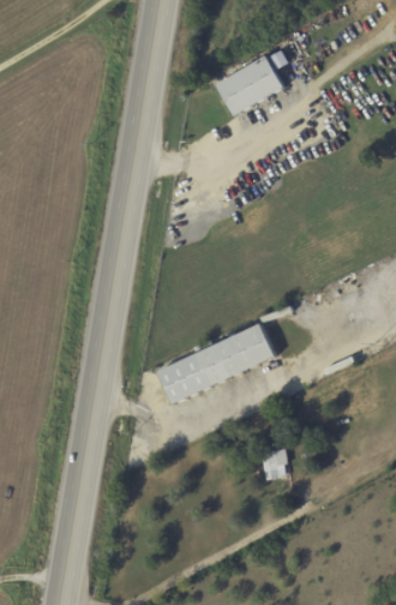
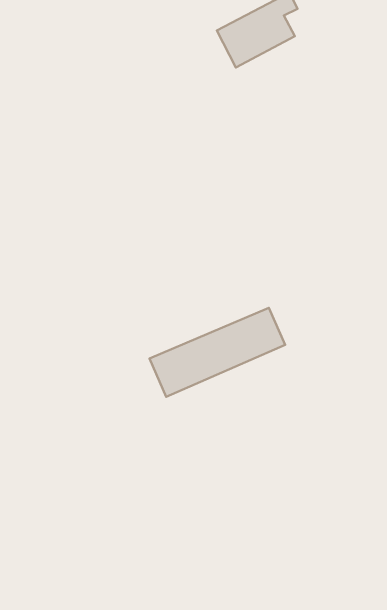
building: [262,448,288,479] -> none

